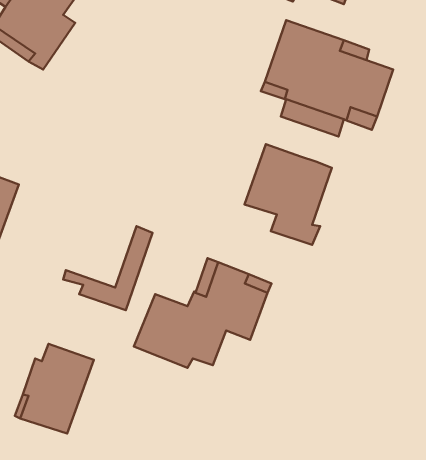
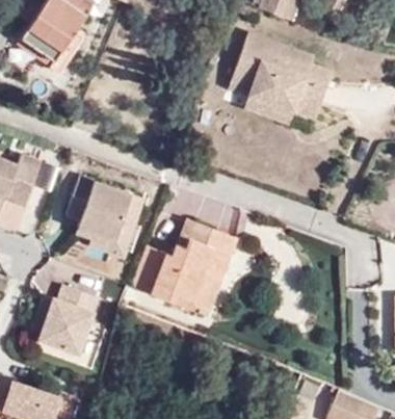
building: [244,144,332,245] -> none
building: none -> [65,176,132,241]
building: none -> [172,274,220,317]

